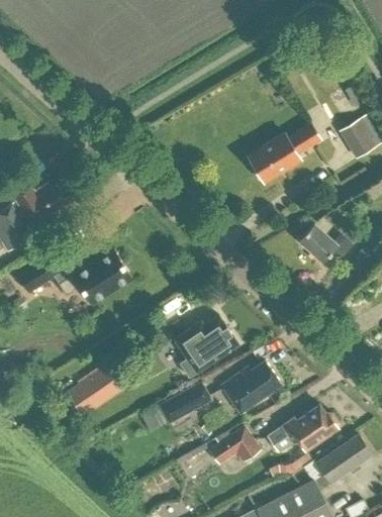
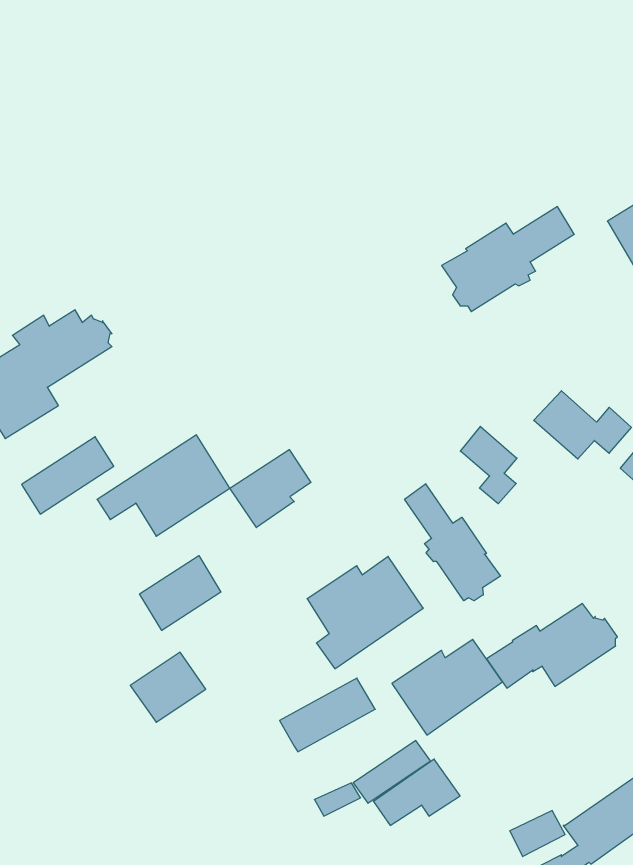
building: none -> [460,426,517,504]
building: none -> [230,450,311,528]
building: none -> [405,484,501,601]
building: none -> [140,556,221,630]
building: [267,405,339,451] -> [487,604,617,688]

